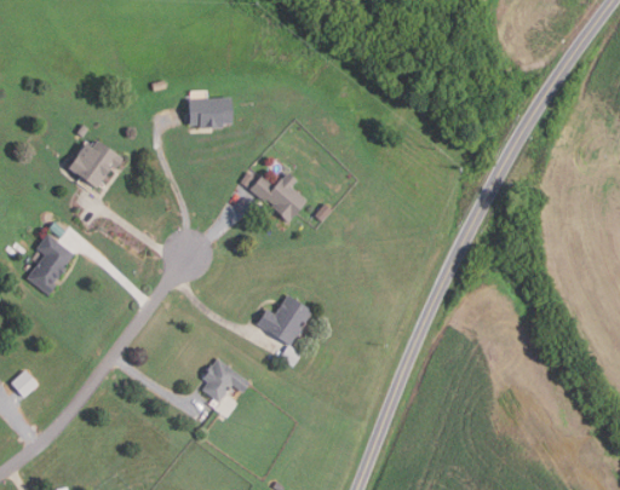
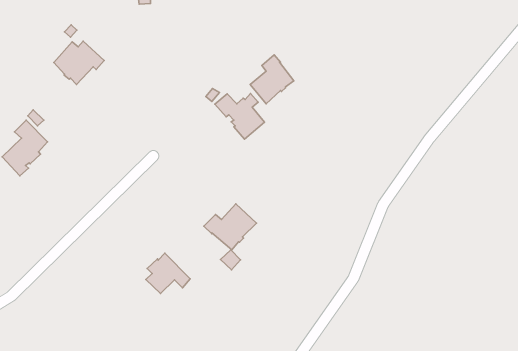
building: [188,97,231,127] -> none
building: none -> [250,55,294,104]

